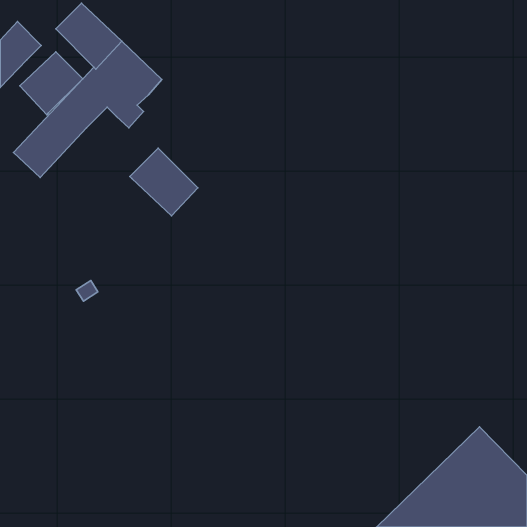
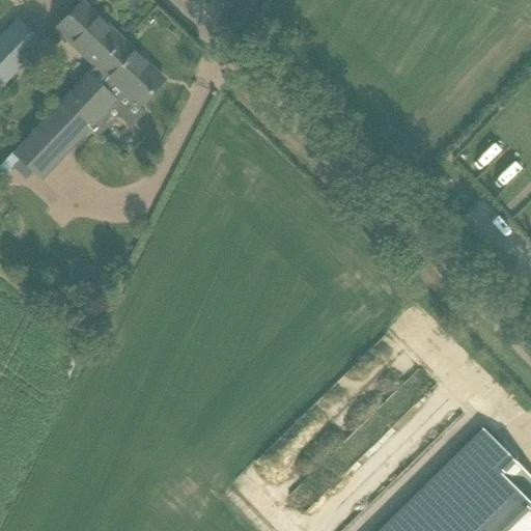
building: [20,52,83,115] -> none
building: [130,148,198,216] -> none

